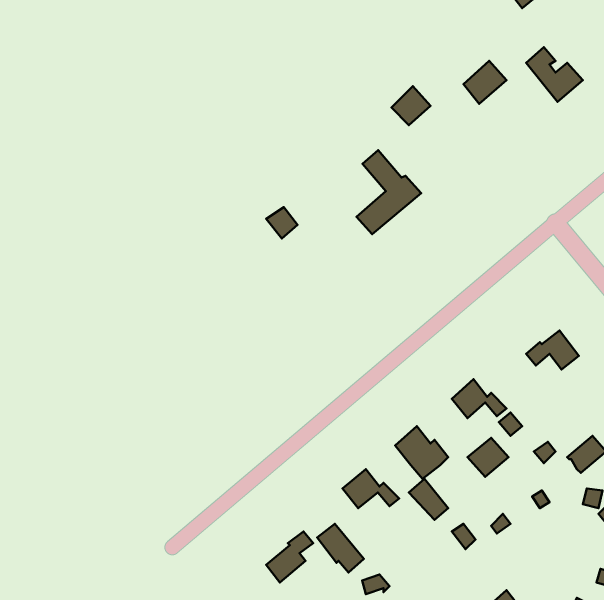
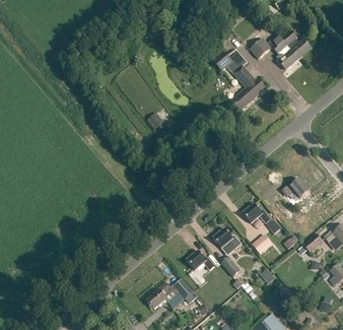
building: none -> [272,39,298,70]
building: [357,150,421,234] -> [231,66,265,110]

